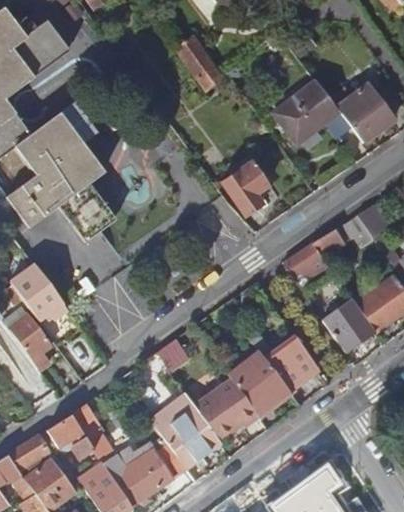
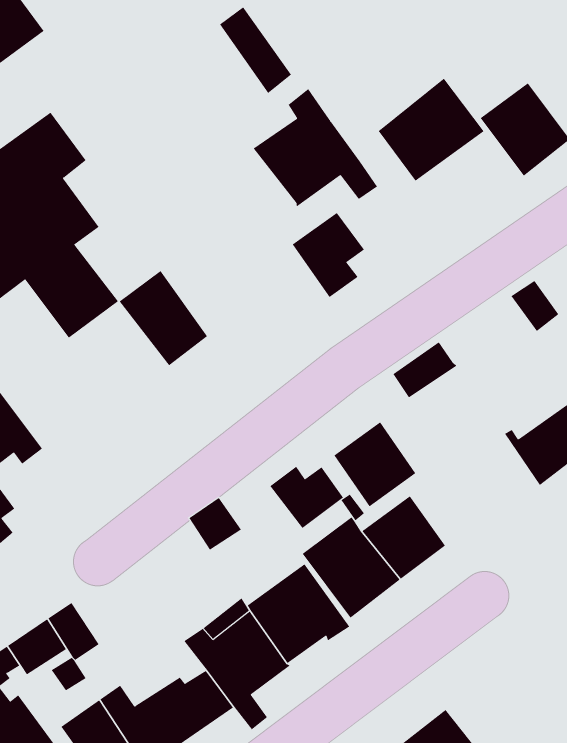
building: none -> [253,88,378,208]
building: none -> [119,270,208,366]
building: [313,215,374,256] -> none
building: [324,300,375,353] -> [333,422,416,507]
building: none -> [269,466,344,529]

